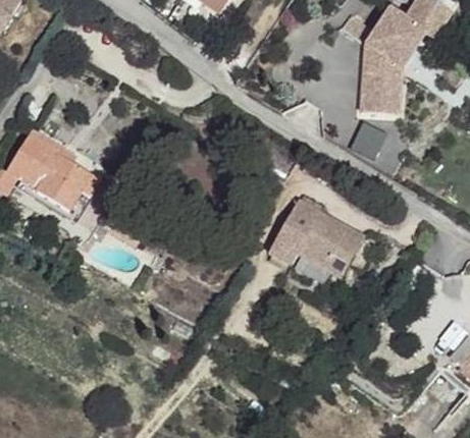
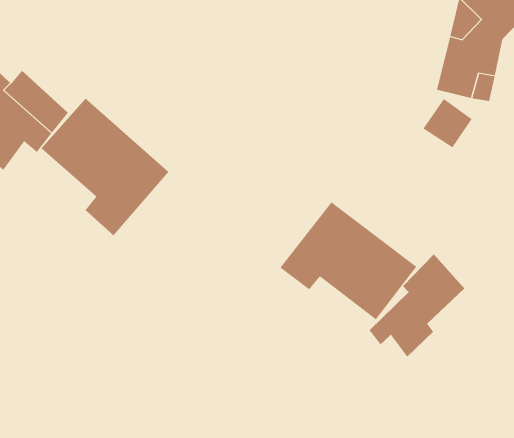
building: none -> [41,98,169,236]
building: none -> [369,253,465,357]

